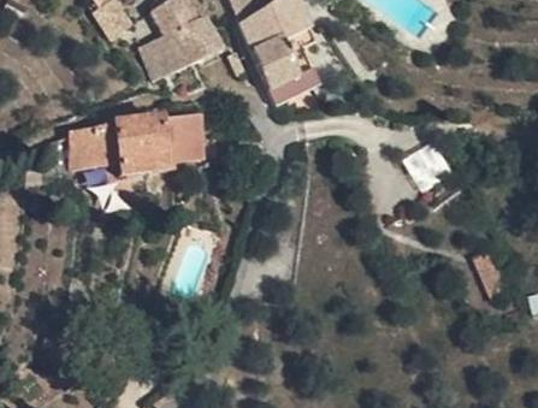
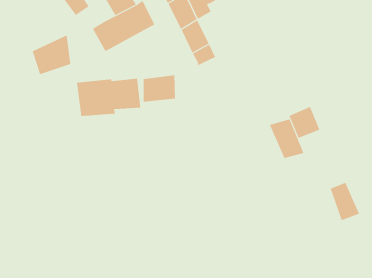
building: none -> [143,75,176,102]
building: [66,119,120,175] -> [32,34,71,75]
building: none -> [269,118,304,159]

